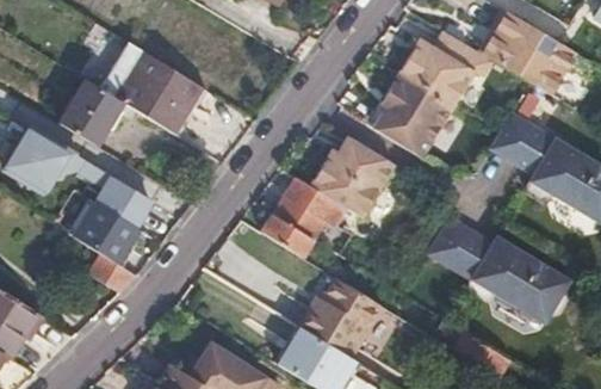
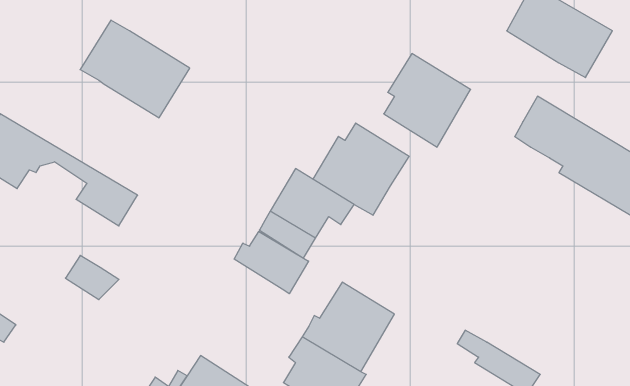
building: [398,31,483,105] -> none
building: [61,78,124,142] -> none
building: [78,203,143,264] -> none
building: [426,216,568,327] -> none
building: none -> [234,231,309,294]

